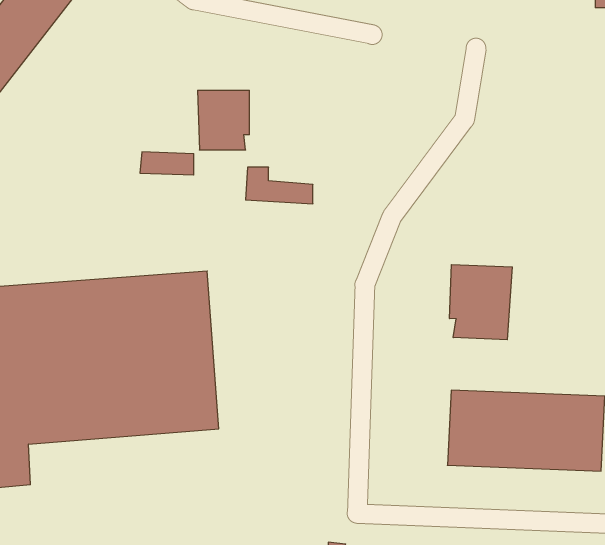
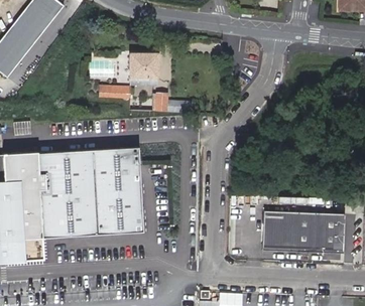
building: [450,265,512,340] -> none

